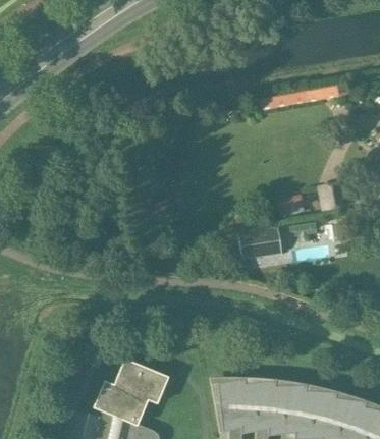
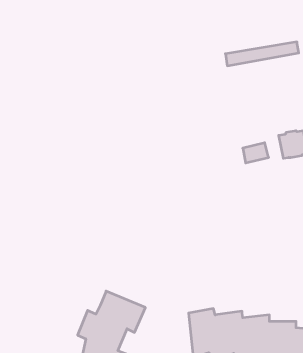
building: [239,225,282,259] -> none

